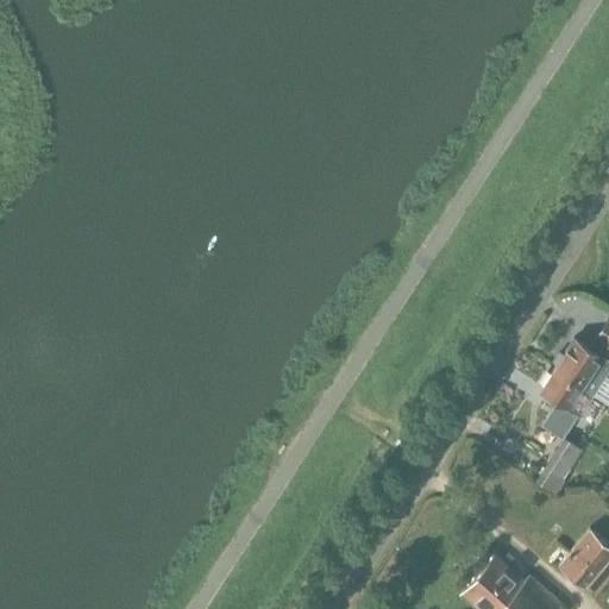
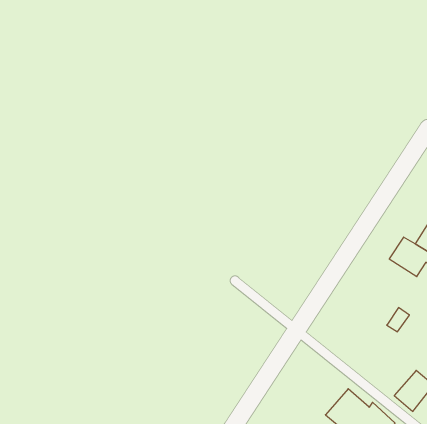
building: [542,373,594,441] -> none

